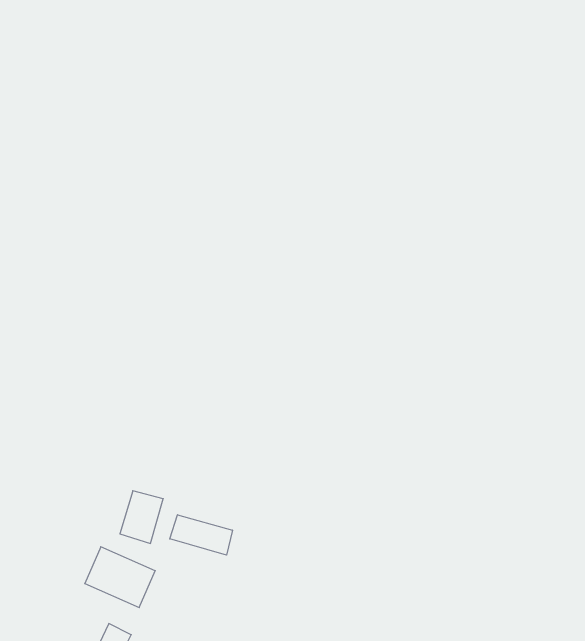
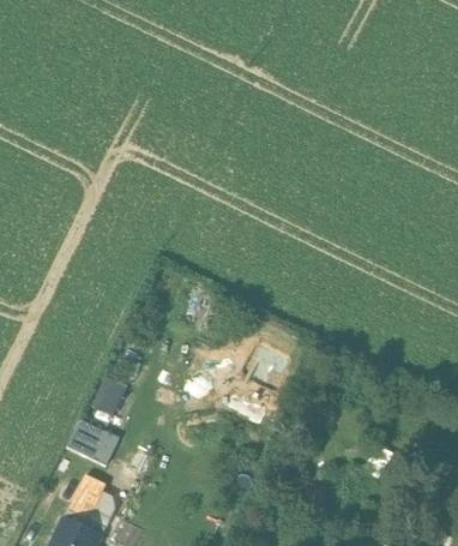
building: [170,515,232,555] -> none

